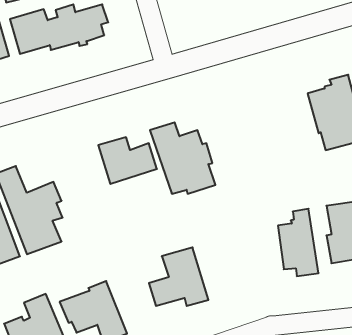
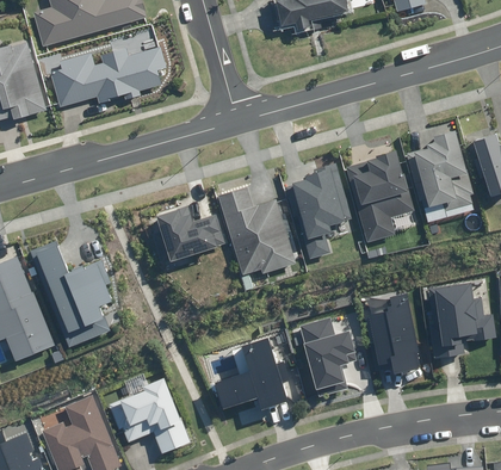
building: none -> [346,150,416,242]
building: none -> [289,163,351,259]
building: none -> [298,317,355,397]

